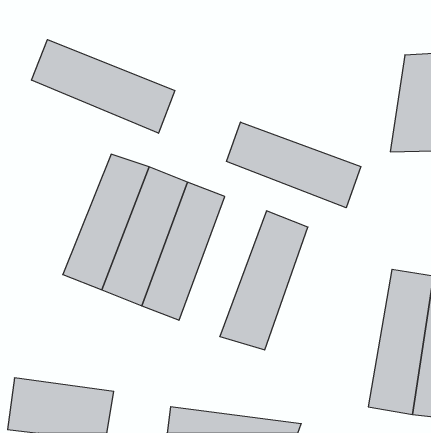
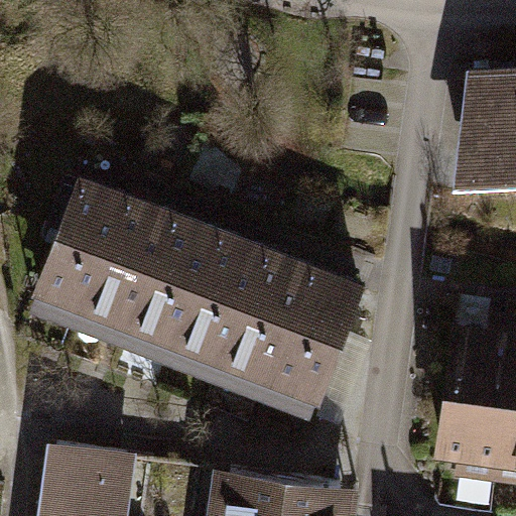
building: [32,40,175,133] -> none
building: [226,122,361,208] -> none
building: none -> [26,164,135,327]
building: none -> [216,234,319,400]

